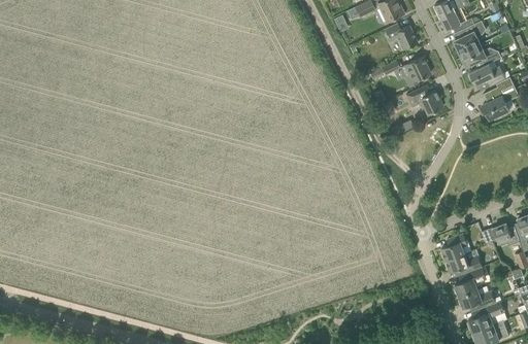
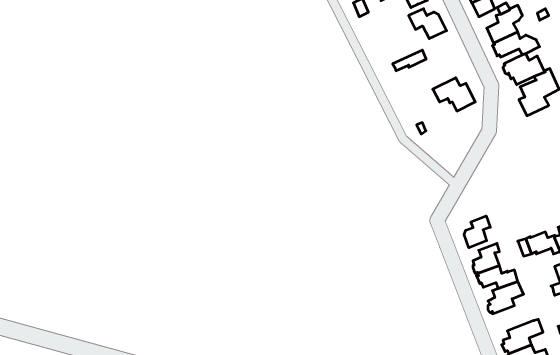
building: [403,56,430,87] -> none
building: none -> [464,216,490,248]
building: [458,288,496,311] -> none

